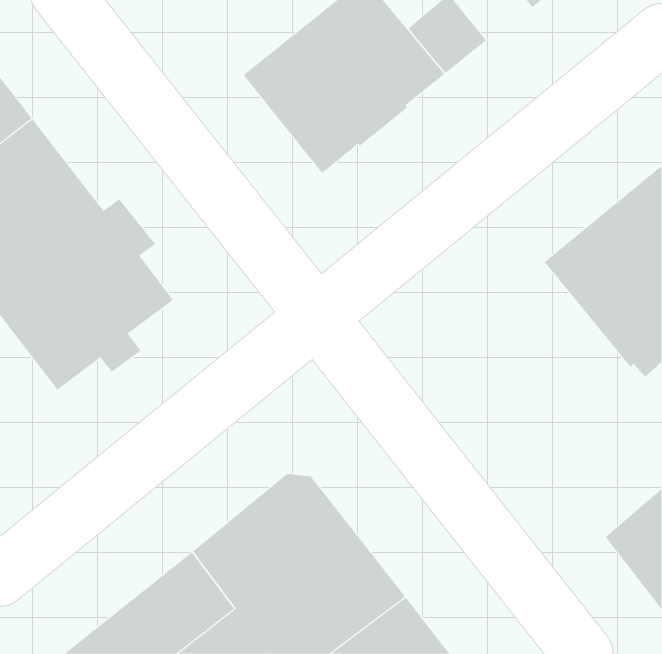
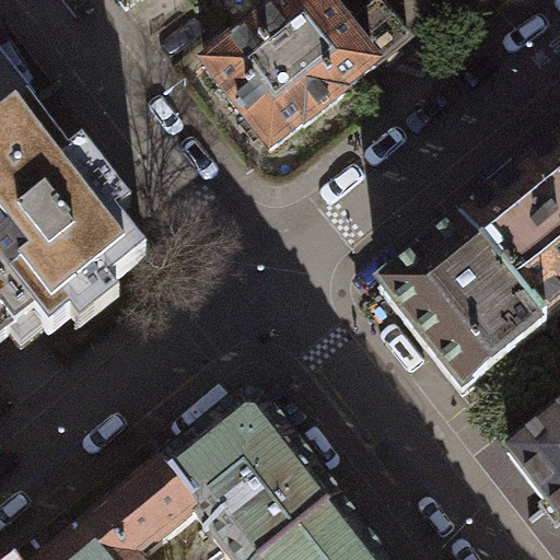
building: none -> [377,221,548,392]

